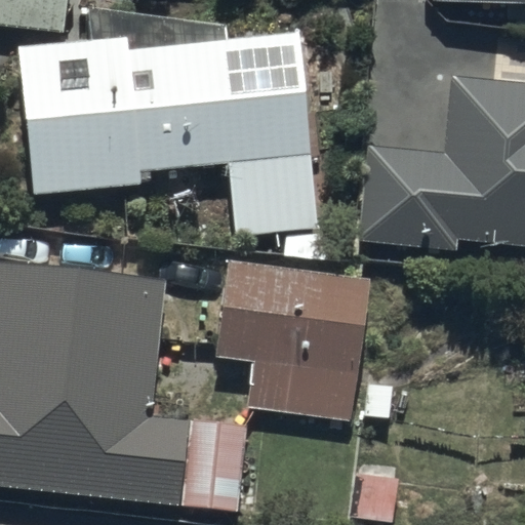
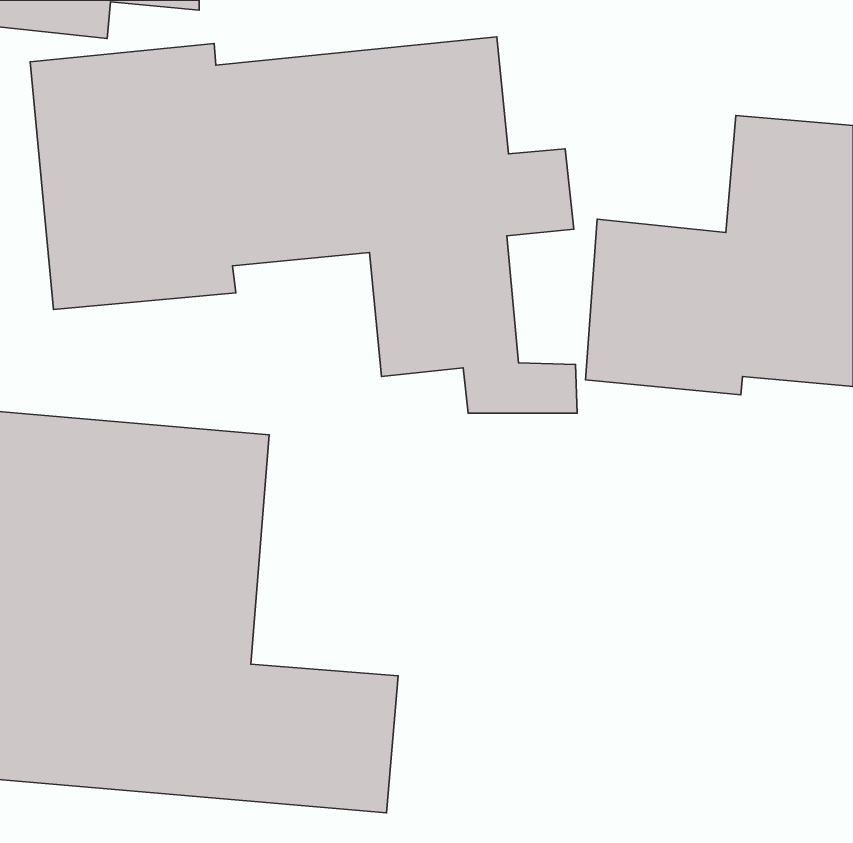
building: [217,260,368,420] -> none

